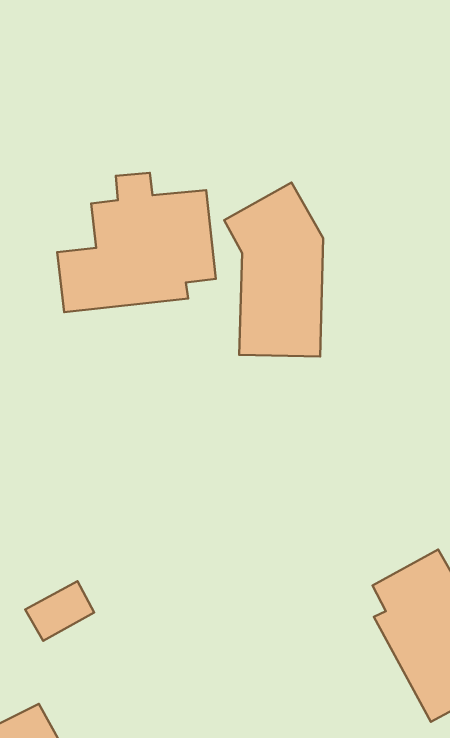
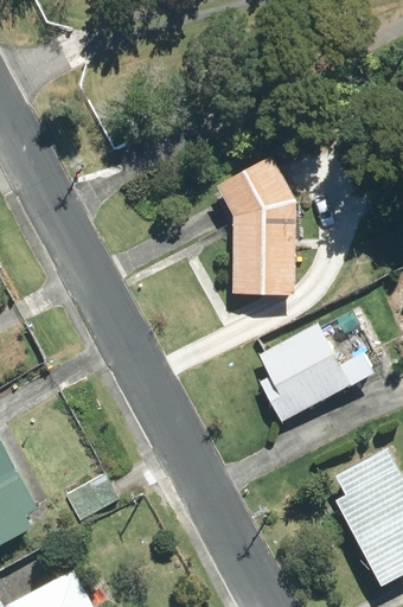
building: [57,173,216,312] -> none
building: none -> [257,304,388,421]

